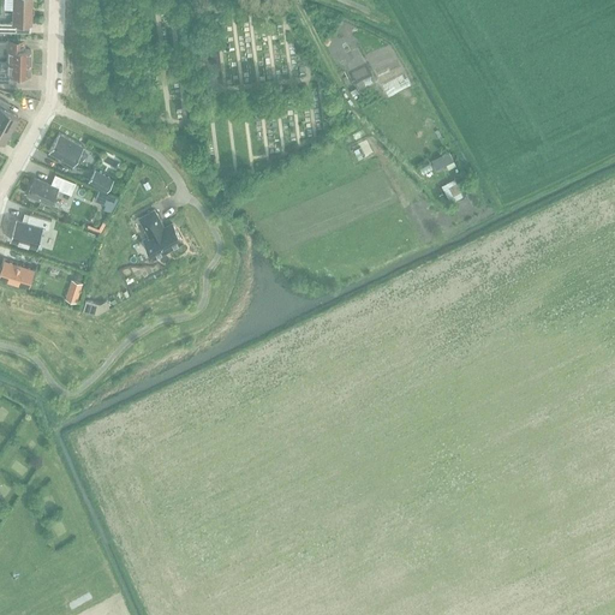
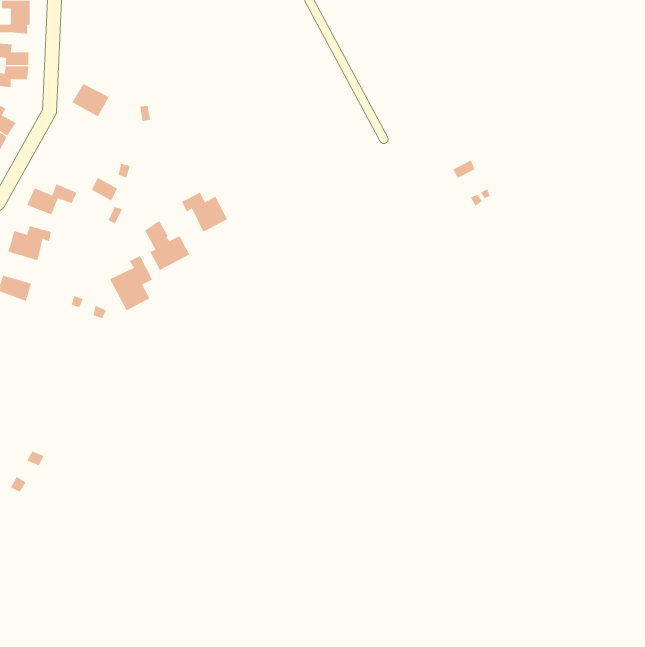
building: [46,133,82,166] -> [71,83,109,117]
building: none -> [181,192,228,233]
building: none -> [109,255,153,311]

